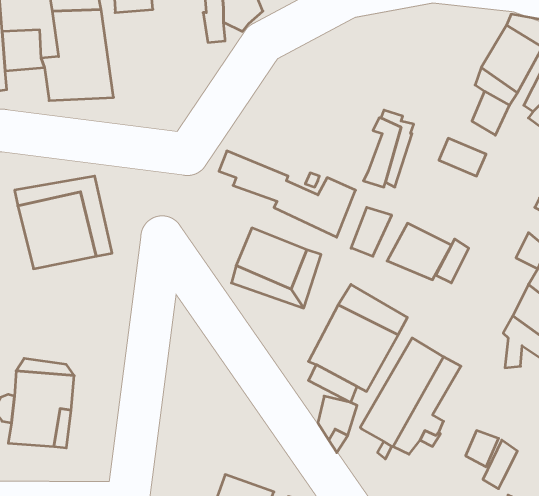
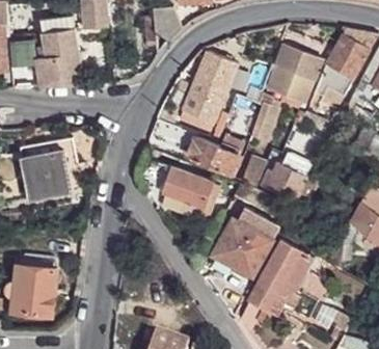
building: none -> [267,44,321,101]
building: none -> [181,47,238,128]

